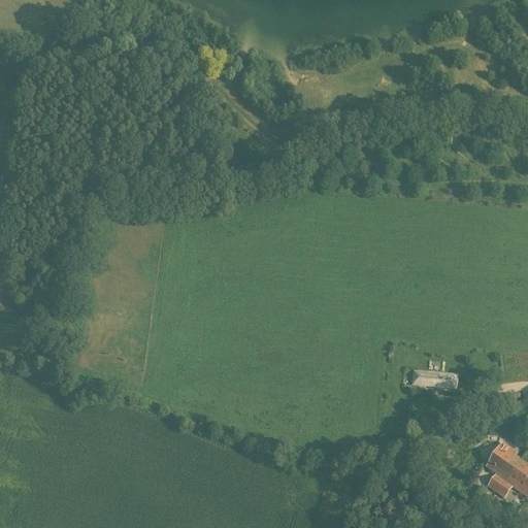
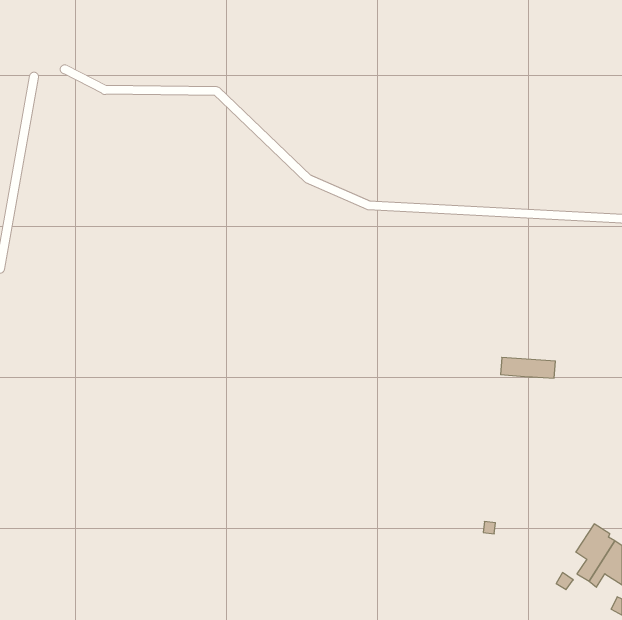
building: [411,371,458,389] -> [501,357,555,378]

